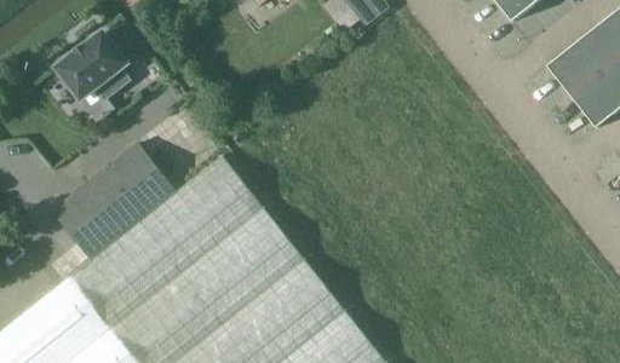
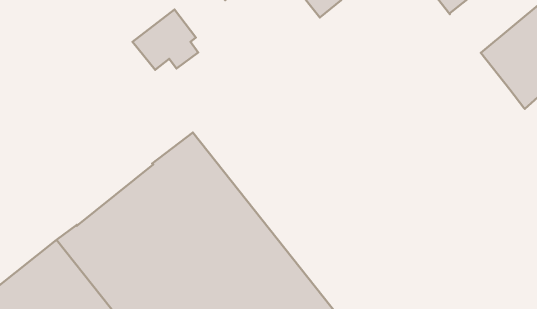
building: [56,33,130,100] -> [133,10,198,70]
building: [52,144,178,263] -> none

